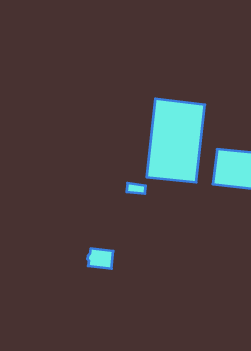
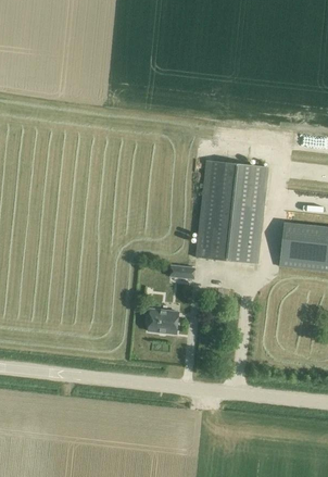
building: [87,249,113,269] -> [146,307,178,332]

